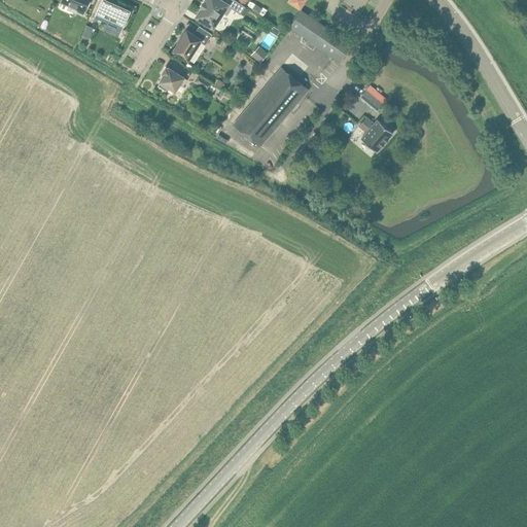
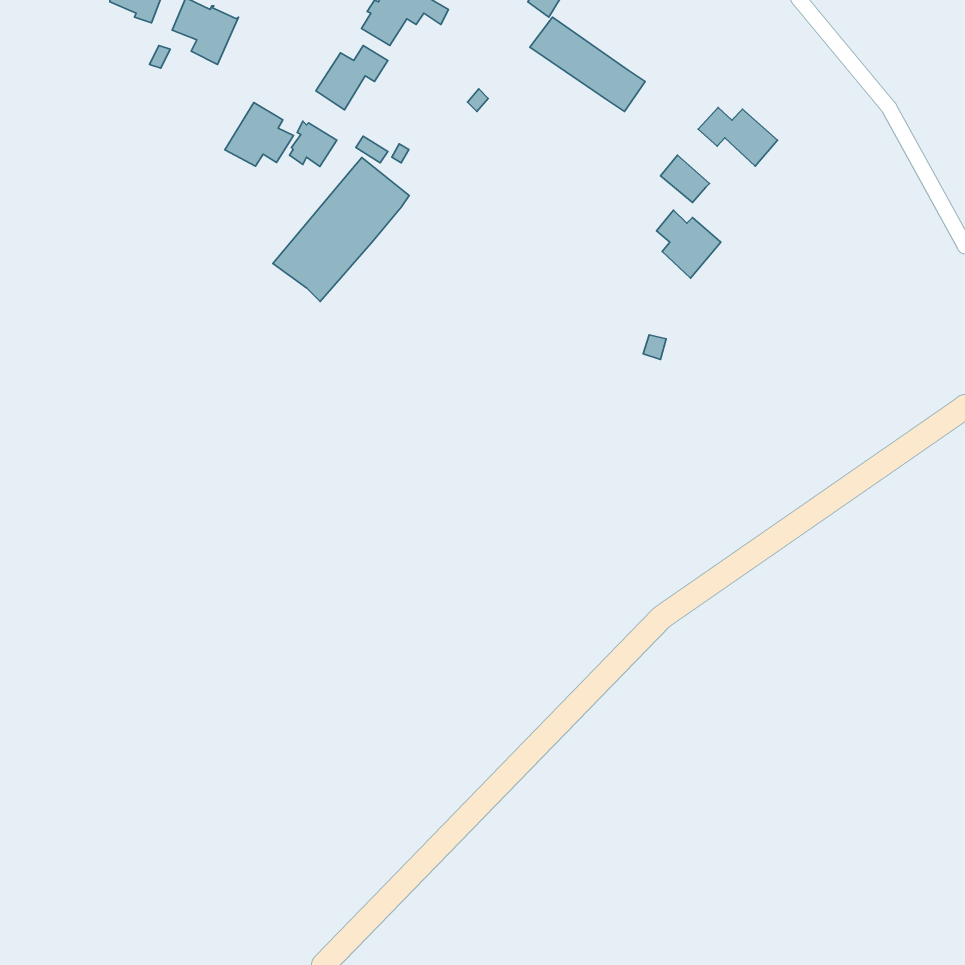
building: none -> [225,103,294,166]
building: none -> [698,108,778,166]
building: [233,67,307,145] -> [273,158,409,301]

